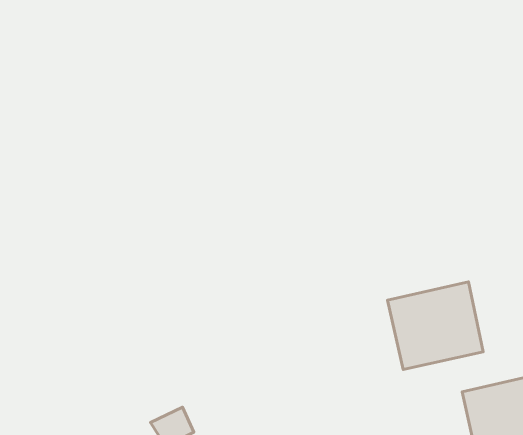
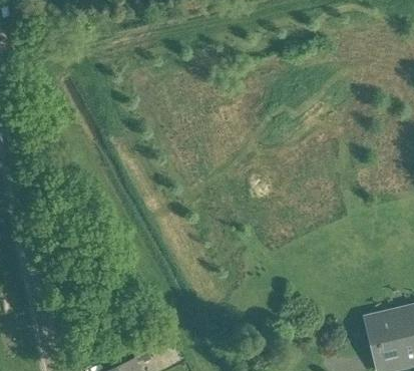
building: [387,282,483,369] -> none

